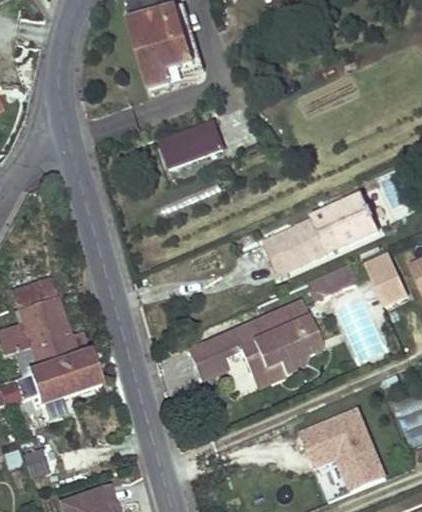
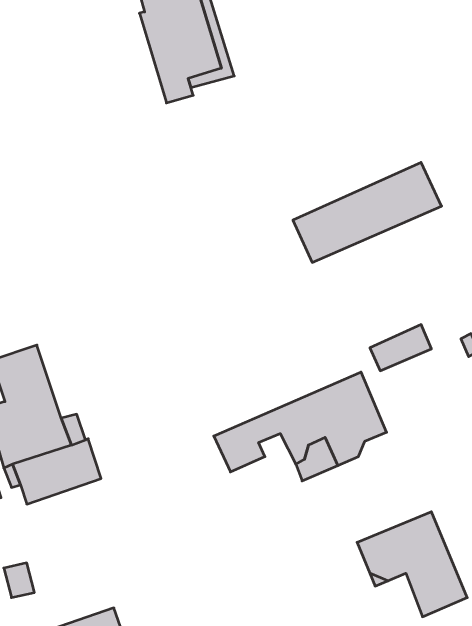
building: [158,119,222,167] -> none
building: [262,196,378,274] -> [293,162,442,262]

